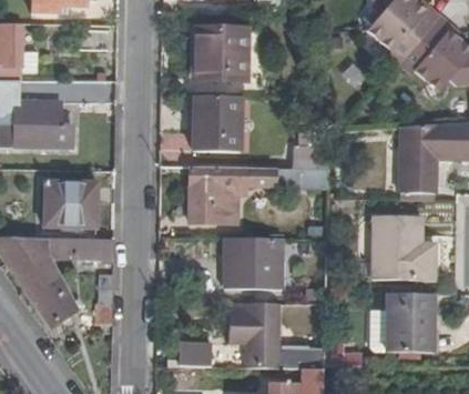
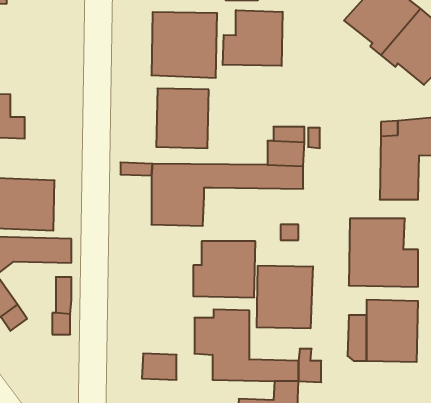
building: none -> [223,10,283,66]
building: none -> [257,266,313,328]

